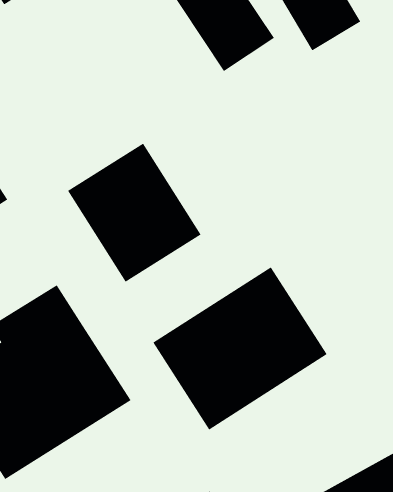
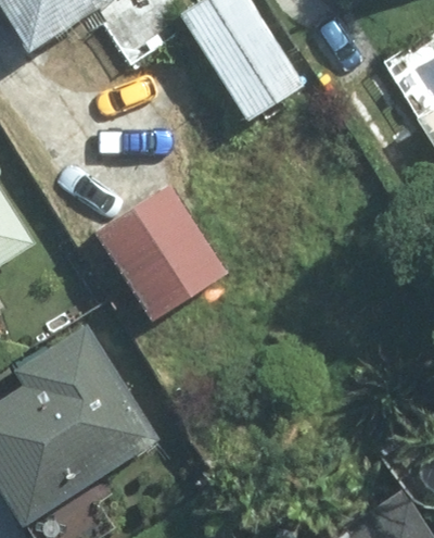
building: [152,266,328,430] -> none

